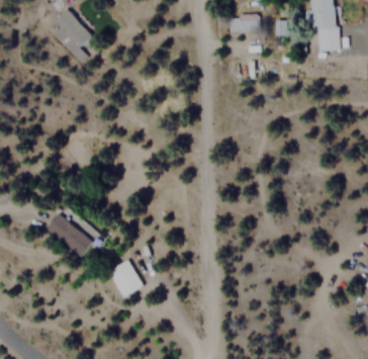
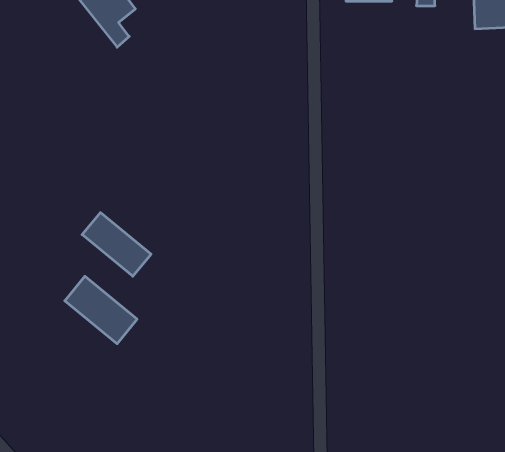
building: none -> [82,213,151,276]
building: [108,260,145,298] -> none

